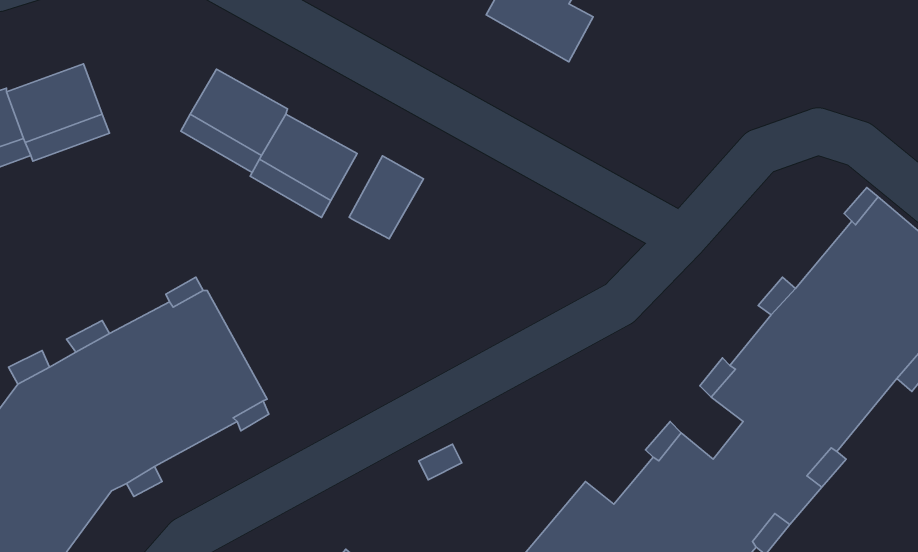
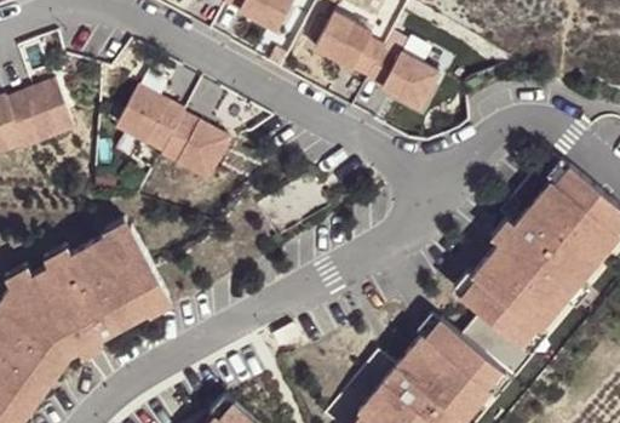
building: none -> [367,52,438,112]
building: [349,156,423,239] -> none

